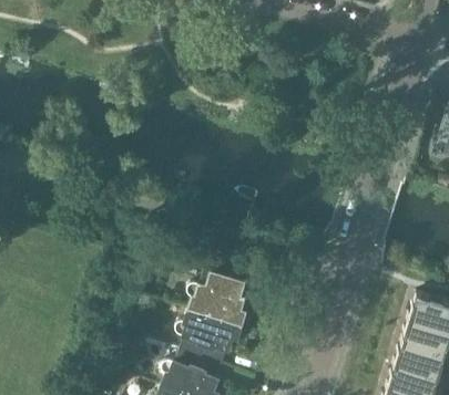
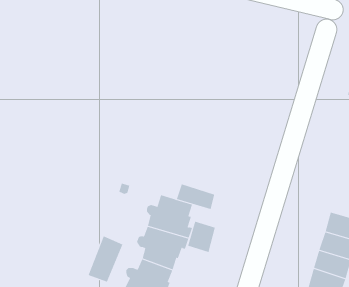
building: none -> [176,184,215,210]
building: none -> [187,221,215,253]
building: none -> [88,235,123,283]

